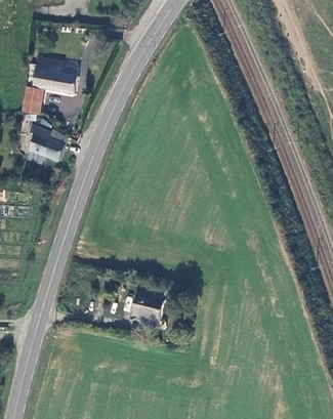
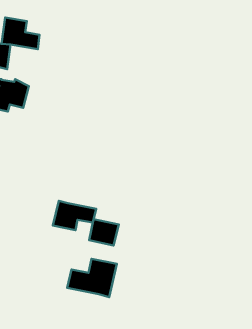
building: none -> [53,201,96,230]
building: none -> [67,259,117,297]

